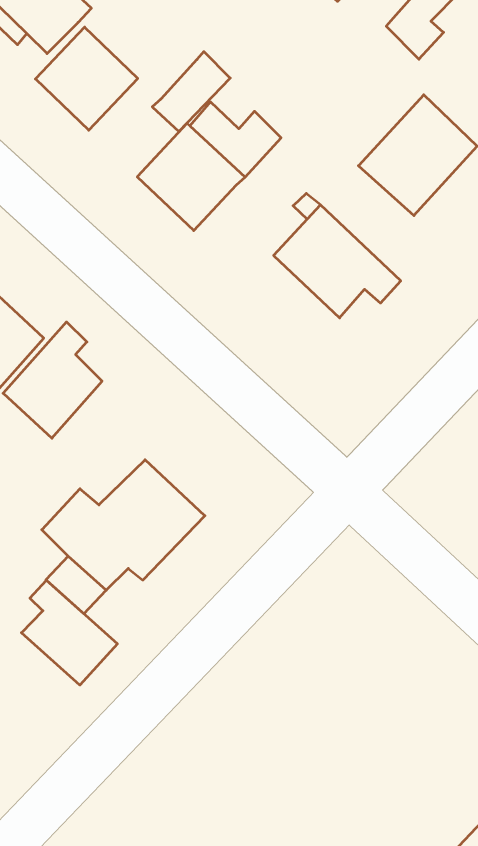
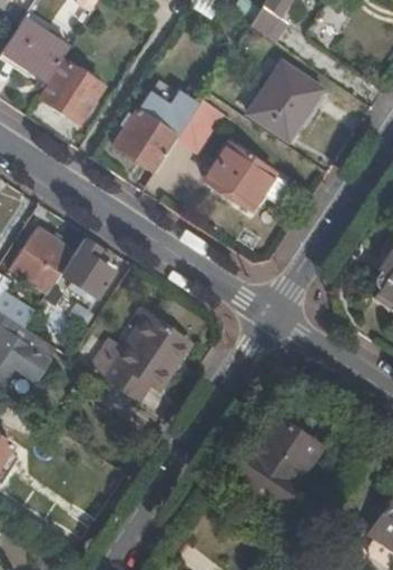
building: [152,52,230,131] -> [176,99,220,150]
building: [21,580,117,685] -> none
building: none -> [237,414,322,504]

